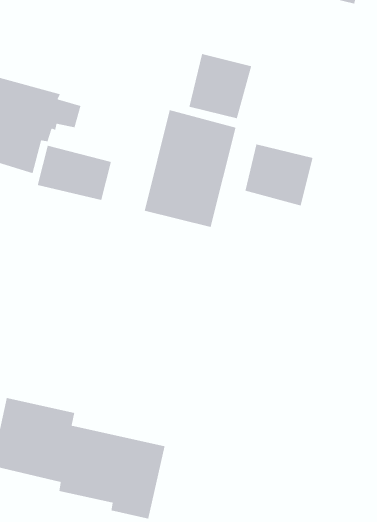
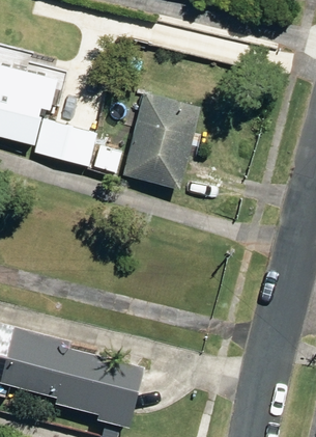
building: [188,53,252,119] -> none
building: [244,144,313,206] -> none

